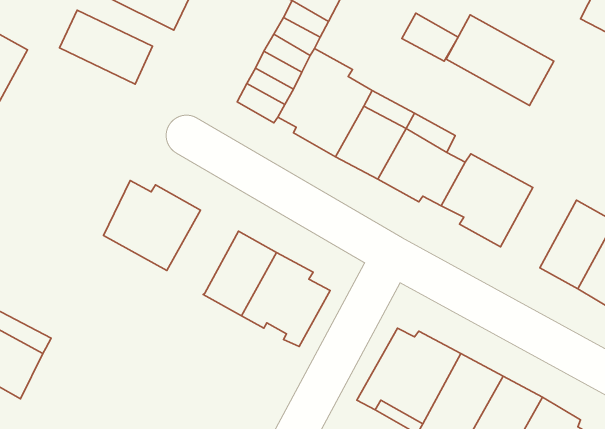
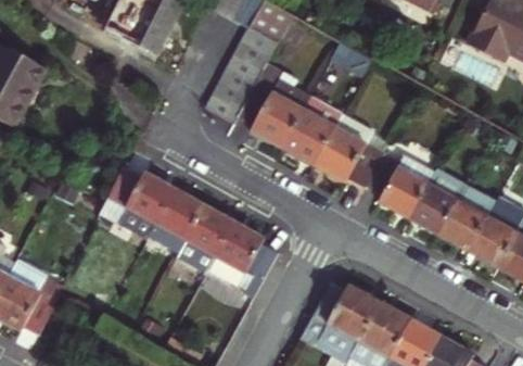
building: [60,10,153,84] -> none
building: [446,15,554,106] -> none
building: none -> [409,166,468,235]
building: none -> [152,190,207,254]

